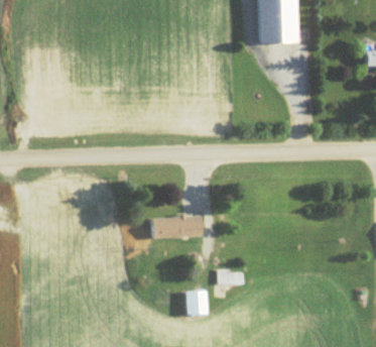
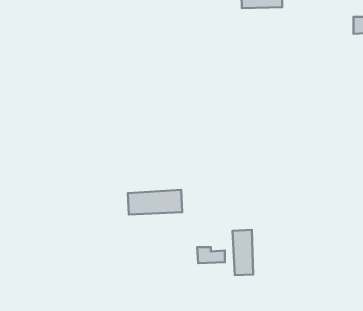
building: none -> [233,230,253,275]
building: [186,291,208,314] -> none

